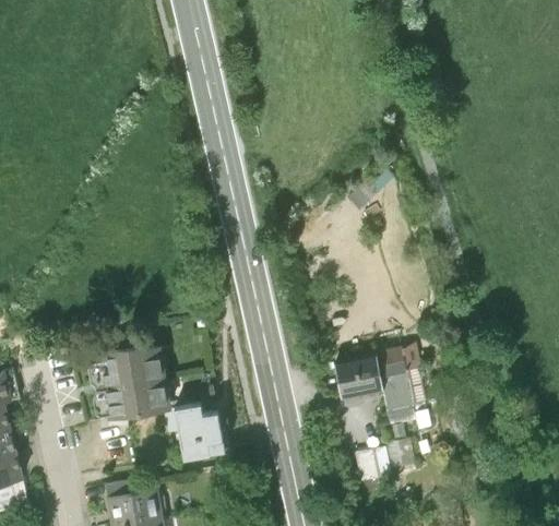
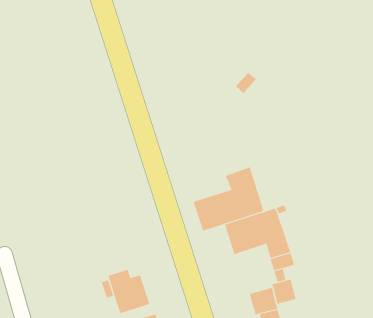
building: none -> [193,167,264,232]
building: [99,349,173,425] -> none

